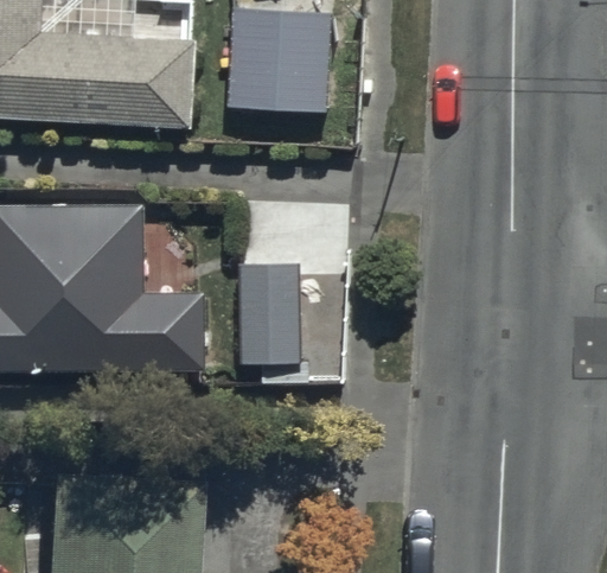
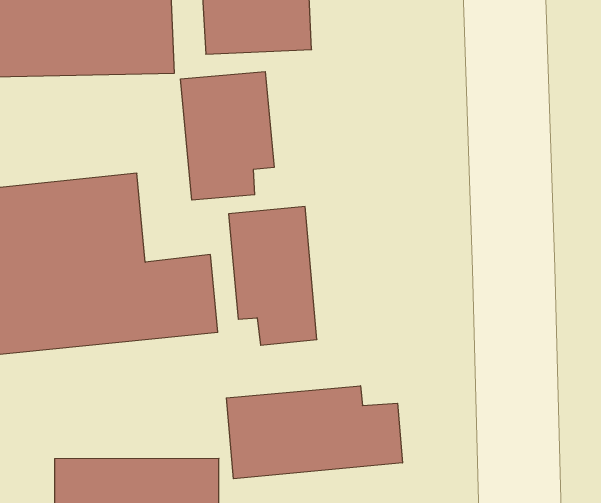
building: none -> [181,72,274,200]
building: none -> [226,386,402,479]

